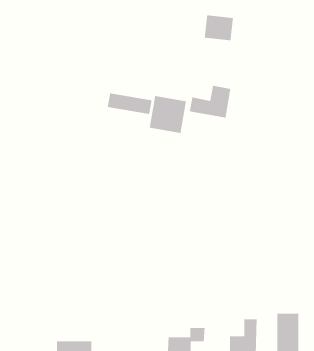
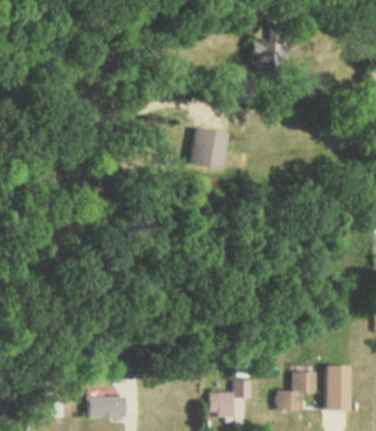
building: [189,85,231,118] -> none
building: [107,92,152,115] -> none

